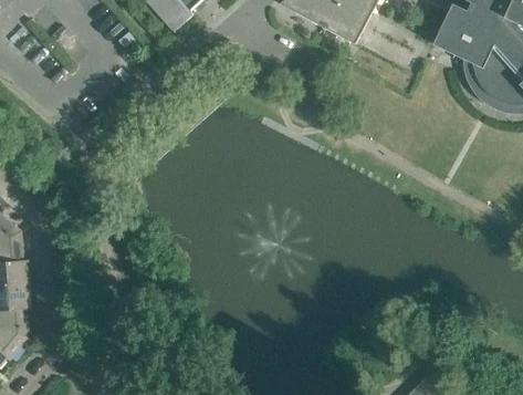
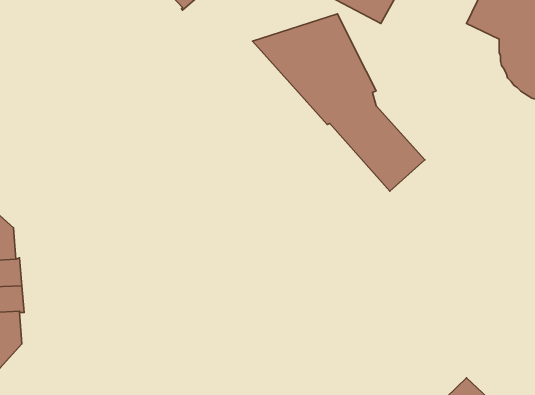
building: none -> [252,14,425,191]

